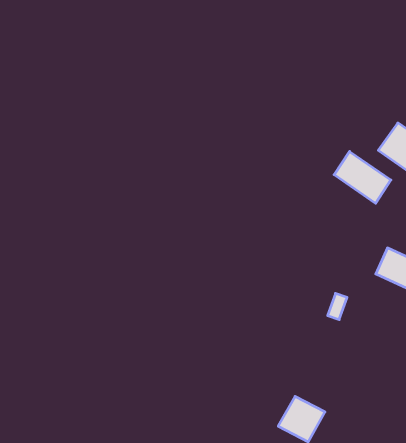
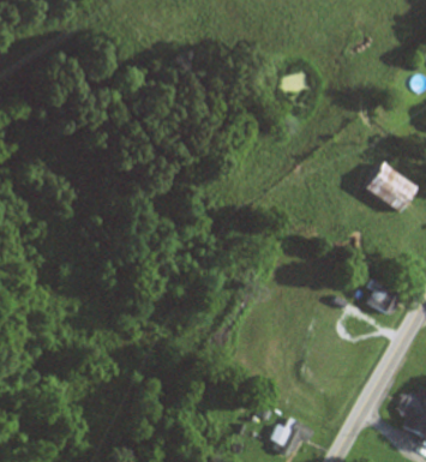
building: [334,151,391,203] -> none

